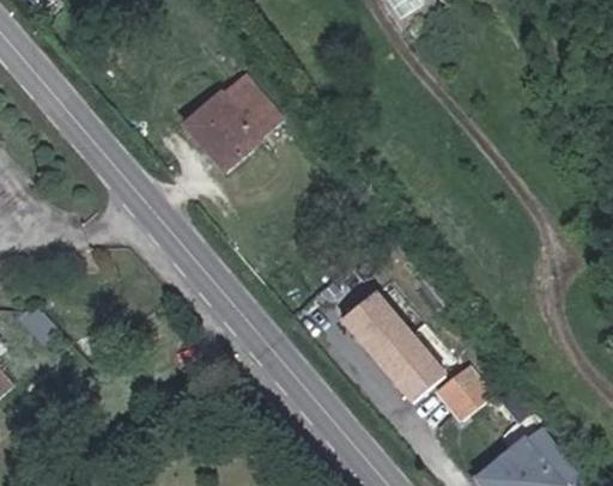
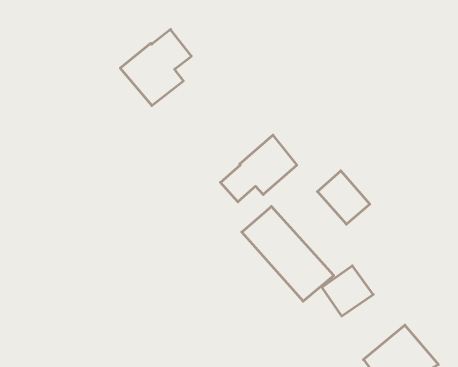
building: none -> [220,135,297,202]
building: none -> [317,171,370,224]

